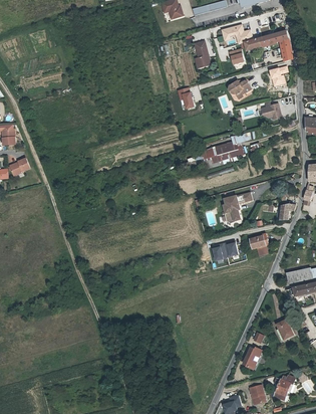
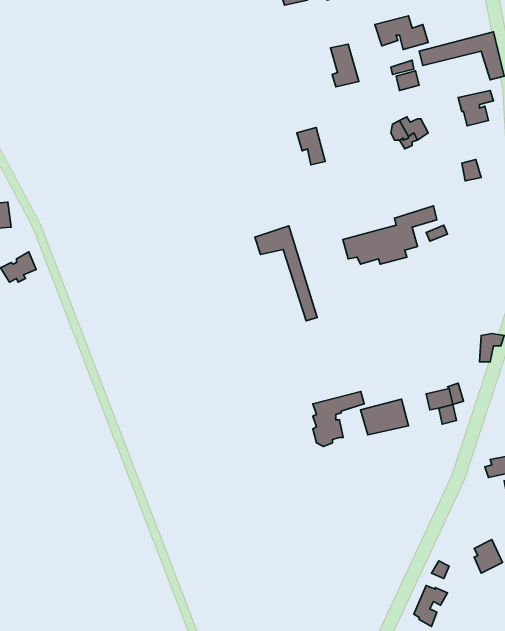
building: none -> [255,226,317,321]
building: [223,190,252,221] -> [313,391,364,447]

